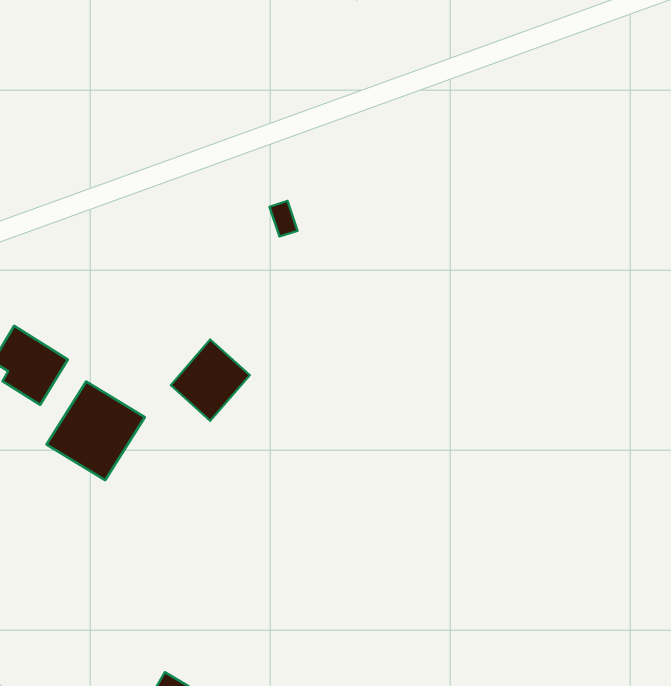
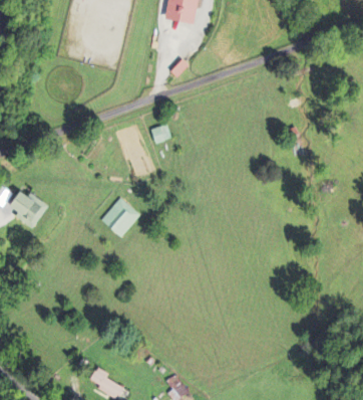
building: [46,382,145,480] -> none

